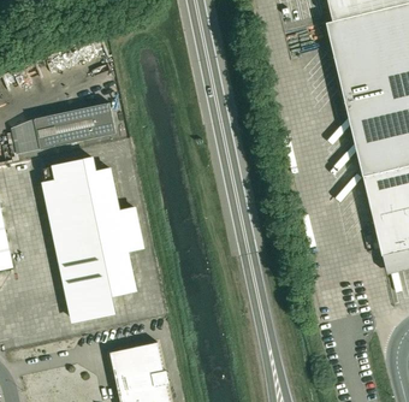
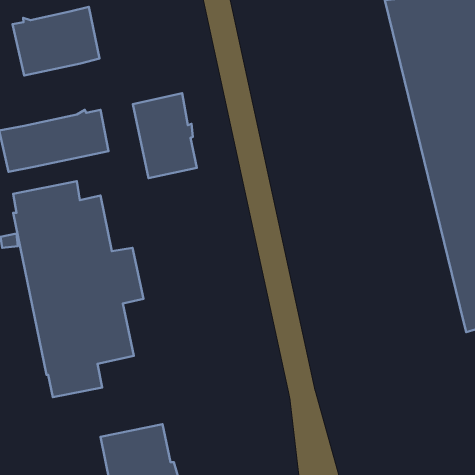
building: none -> [13,7,99,75]
building: none -> [133,93,197,178]

